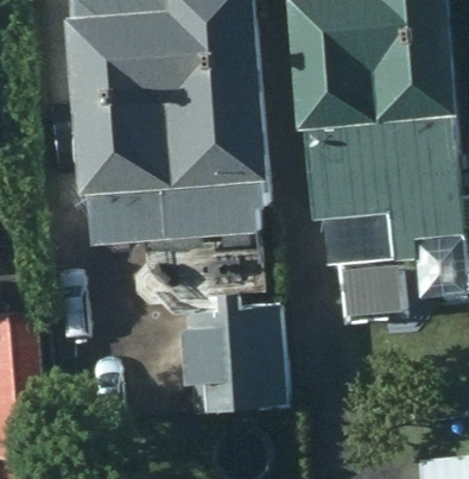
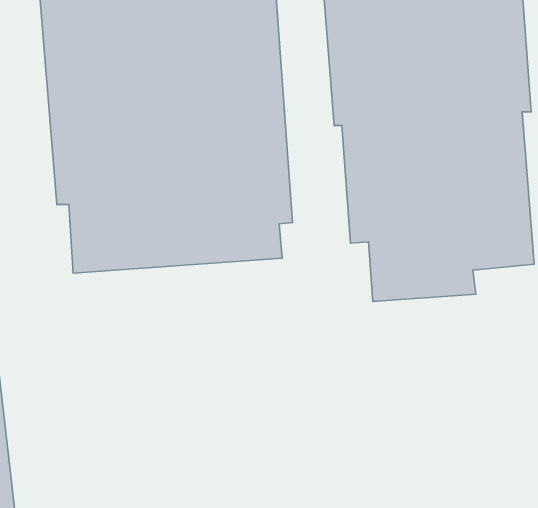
building: [179,310,285,416] -> none

